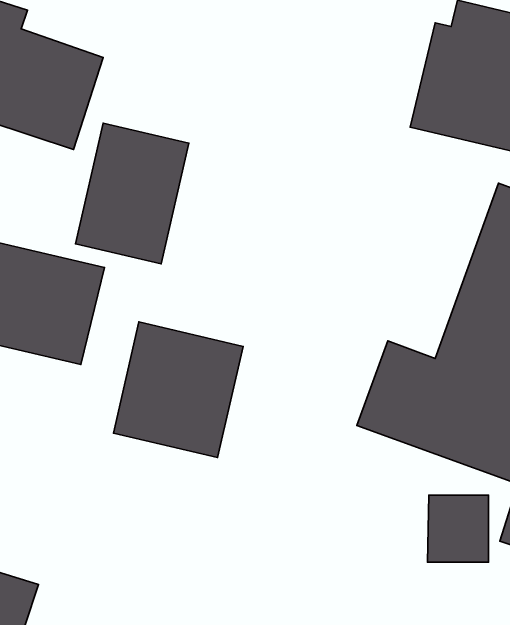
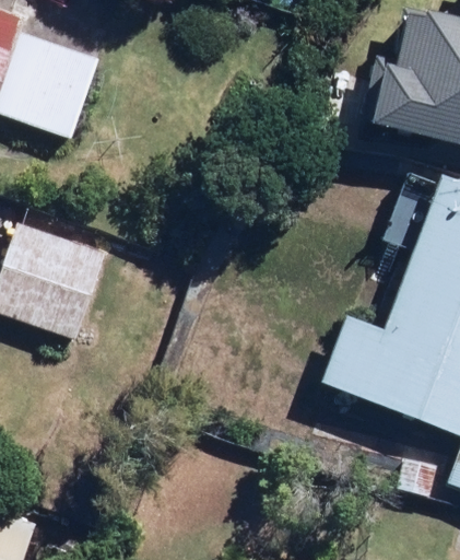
building: [75,123,189,264] -> none
building: [114,322,243,458] -> none

